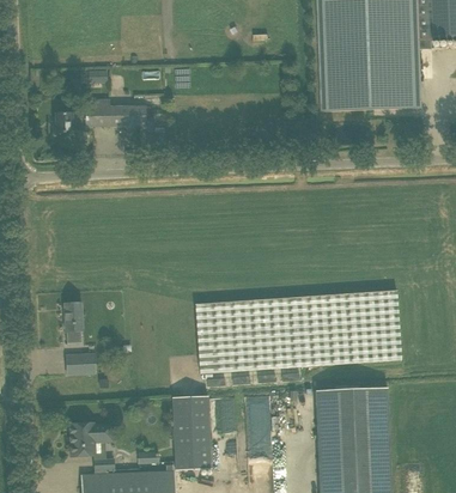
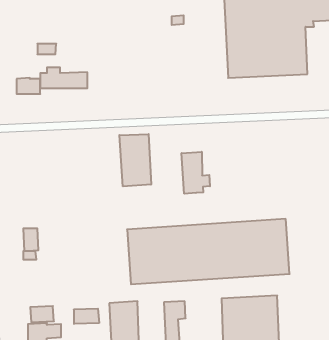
building: none -> [119,134,151,186]
building: none -> [182,152,210,194]
building: [67,354,97,375] -> [30,306,54,322]
building: none -> [74,309,99,324]

